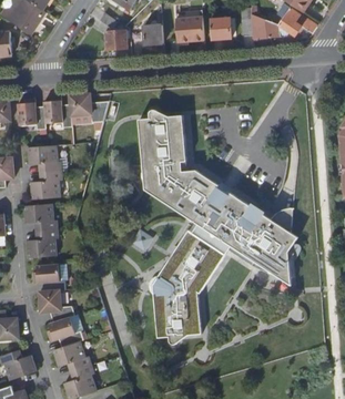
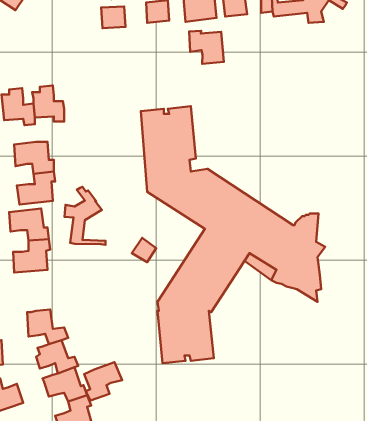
building: none -> [189,31,224,64]
building: [69,94,106,123] -> none
building: none -> [64,187,105,245]
building: [31,263,65,291] -> none
building: none -> [84,362,122,400]

